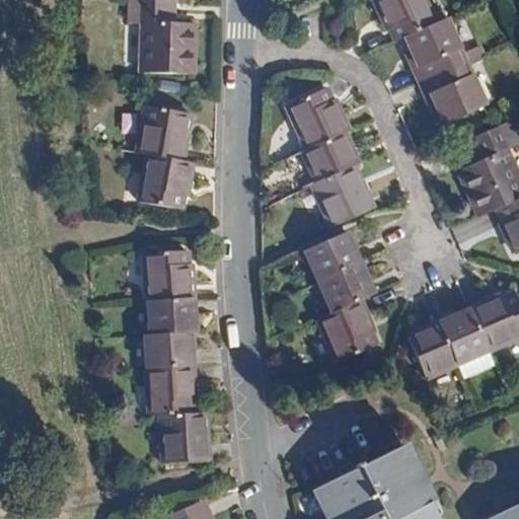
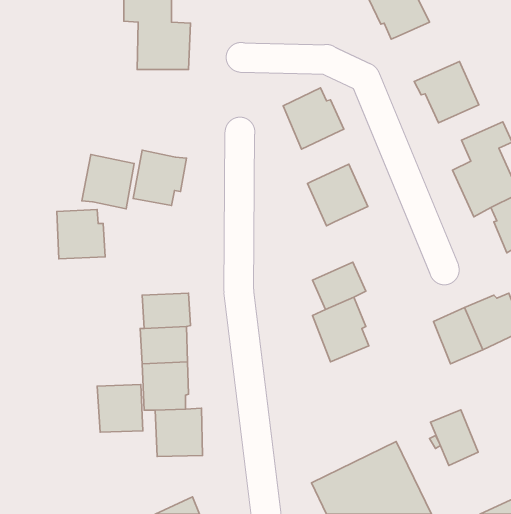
building: [404,18,466,82] -> none
building: [136,103,189,158] -> [82,154,134,209]
building: [303,132,359,182] -> none
building: [305,232,359,282] -> none
building: [145,247,194,297] -> [57,210,105,259]
building: [410,323,457,379] -> [431,410,478,465]
building: none -> [97,384,143,432]

